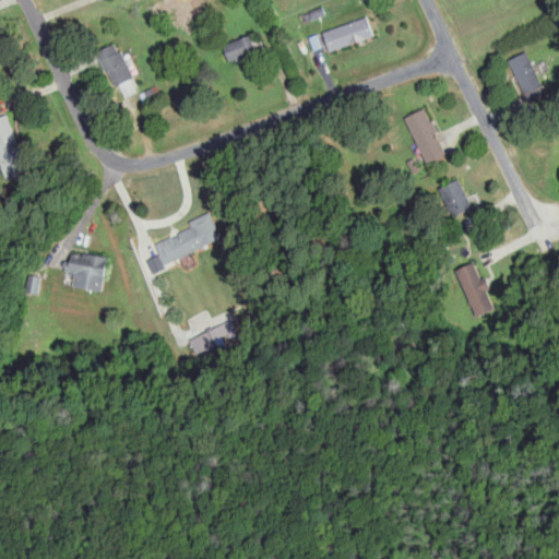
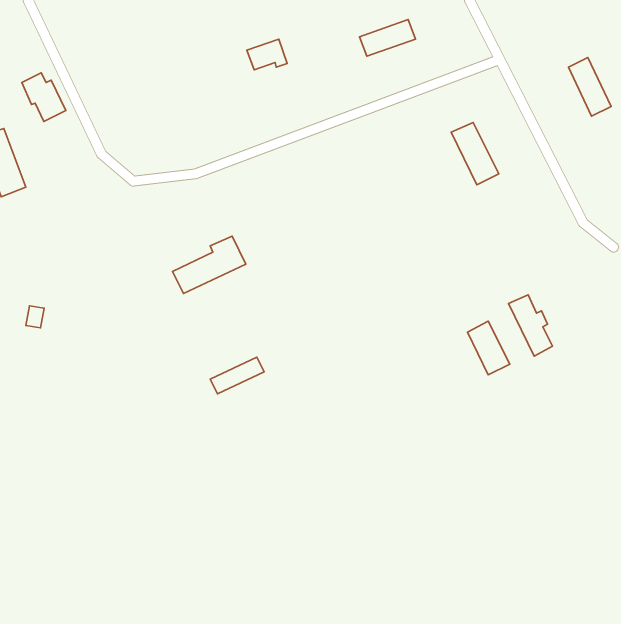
building: [94,45,133,88] -> [22,73,66,122]
building: [437,180,471,222] -> none
building: [62,250,106,290] -> none
building: none -> [467,321,510,375]

